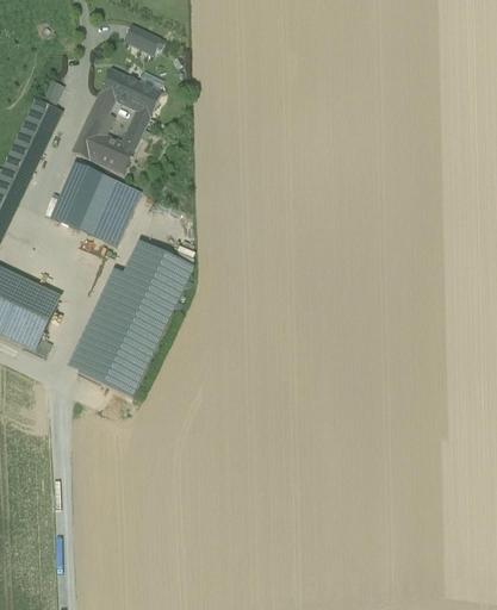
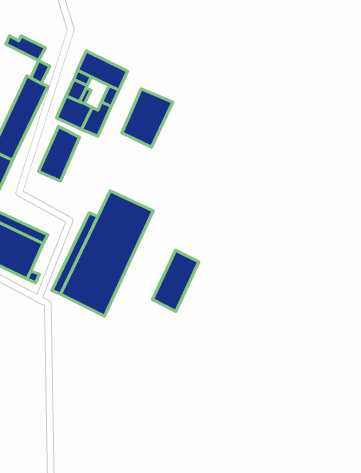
building: [123,25,160,54] -> none
building: none -> [6,36,46,60]
building: [76,174,139,247] -> [122,89,173,147]
building: none -> [152,250,199,311]

